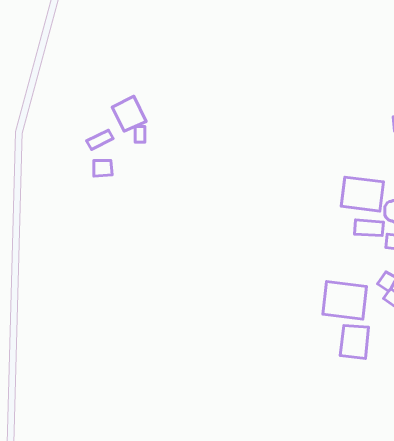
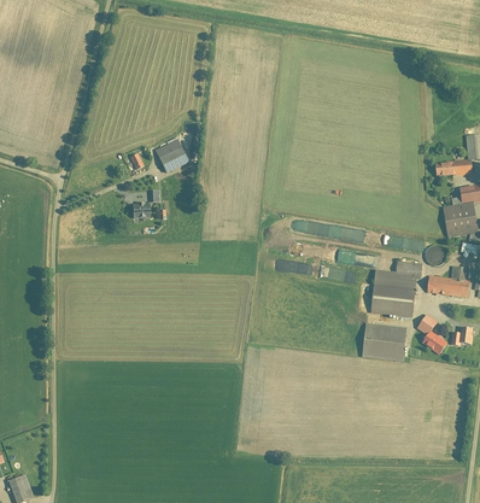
building: [341,177,383,211] -> [374,285,416,318]
building: [340,325,369,358] -> none

